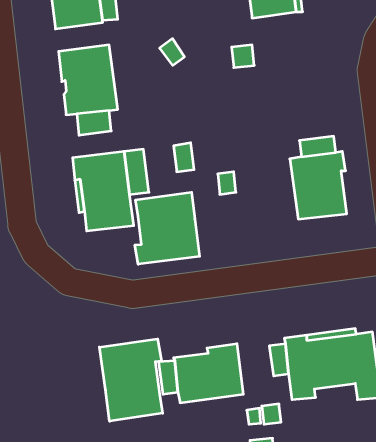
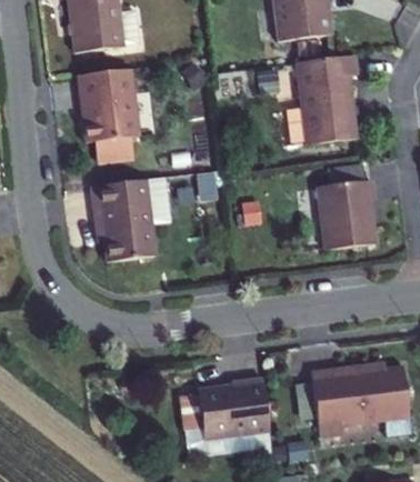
building: none -> [297,54,357,144]
building: [135,192,200,264] -> none
building: [99,339,163,421] -> none

